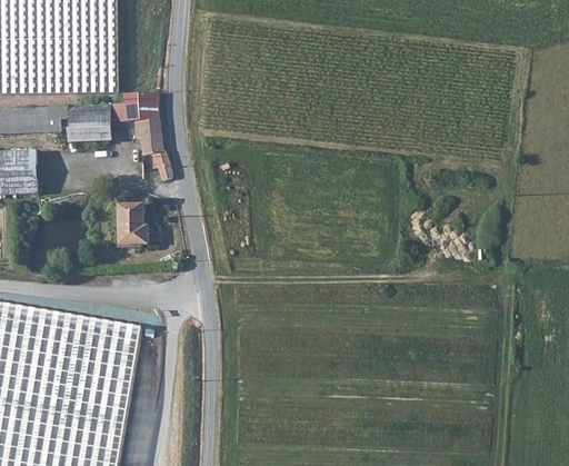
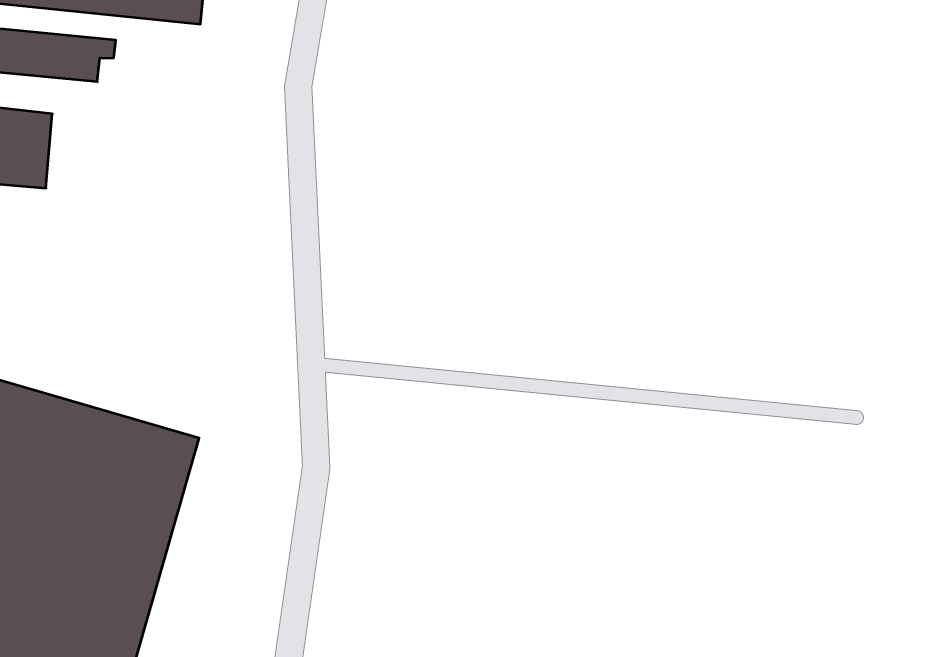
building: [114,95,172,181] -> none
building: [68,105,110,143] -> none
building: [117,208,146,246] -> none

